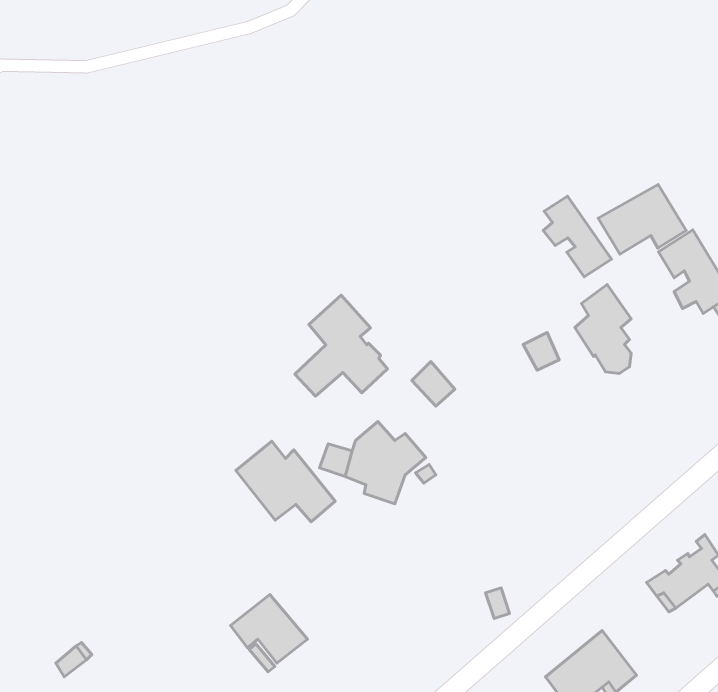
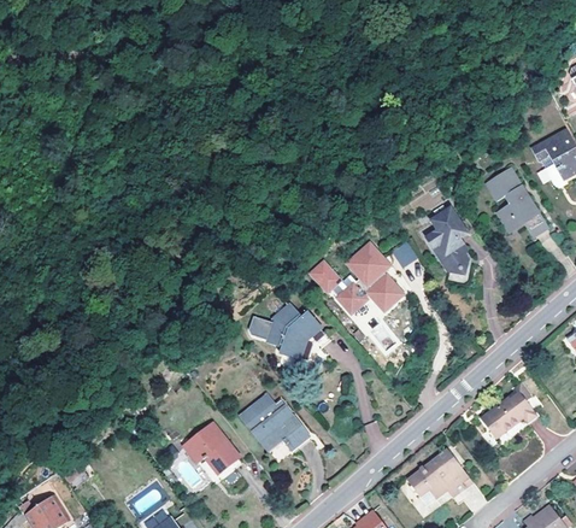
building: [598,185,686,254] -> none
building: [543,196,612,277] -> none
building: [295,295,387,396] -> [336,242,401,313]
building: [236,441,335,522] -> [240,394,310,451]

